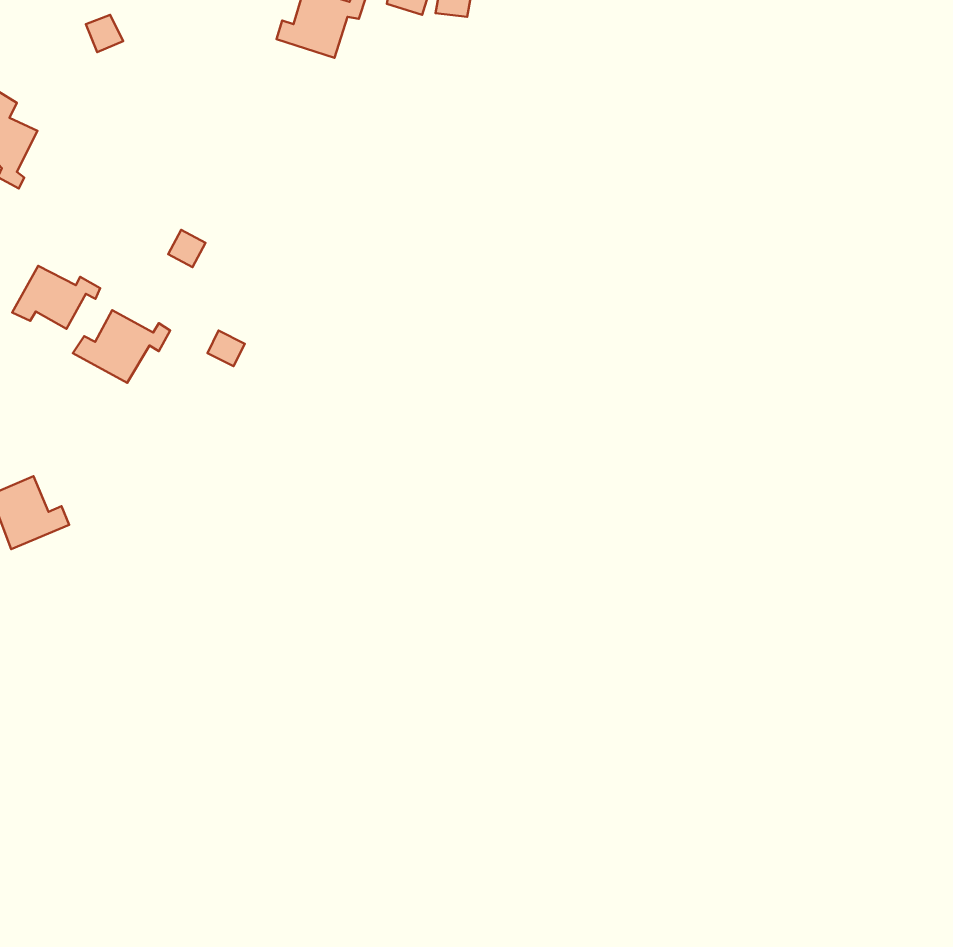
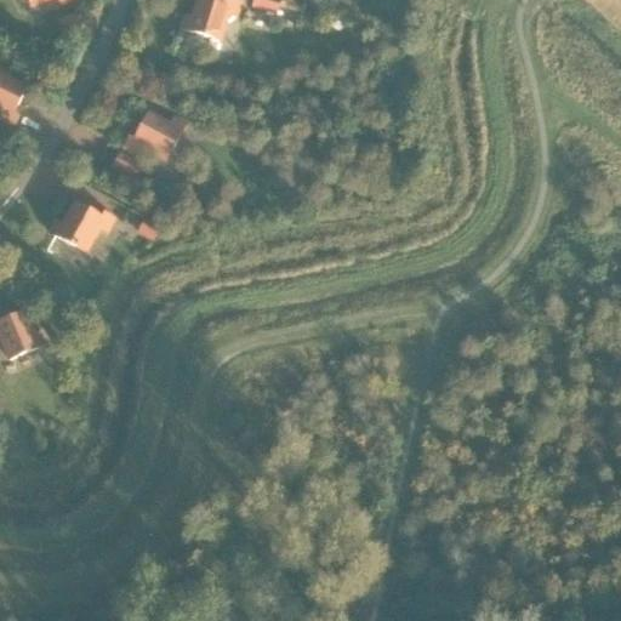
building: none -> [123,112,183,156]
building: [12,266,100,329] -> none

